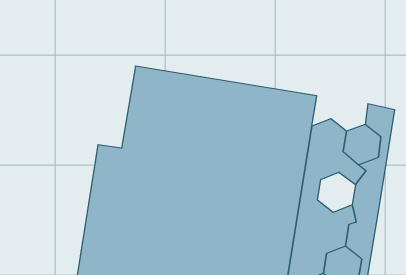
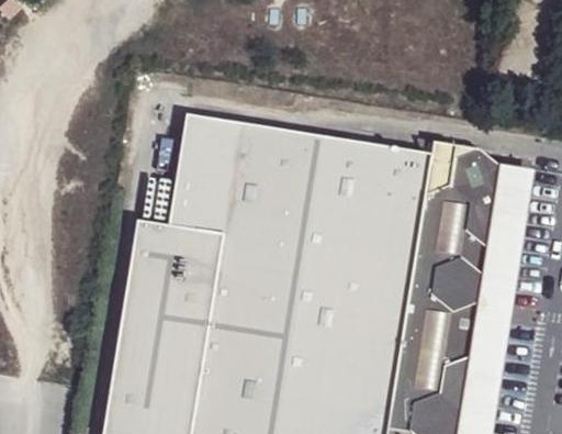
building: none -> [423,142,497,201]
building: none -> [430,256,481,310]

